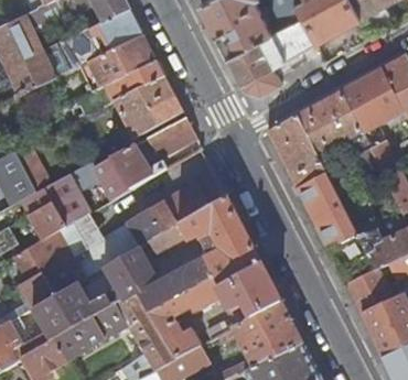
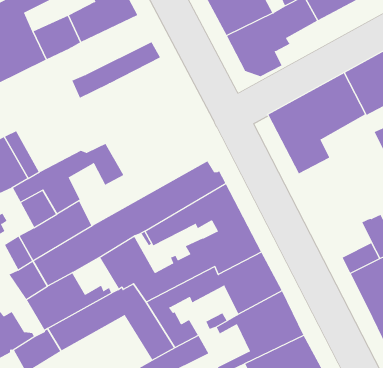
building: [77,35,155,93] -> none
building: [115,76,183,140] -> none
building: [147,118,195,158] -> none
building: [111,145,165,189] -> none
building: [297,173,357,243] -> none

